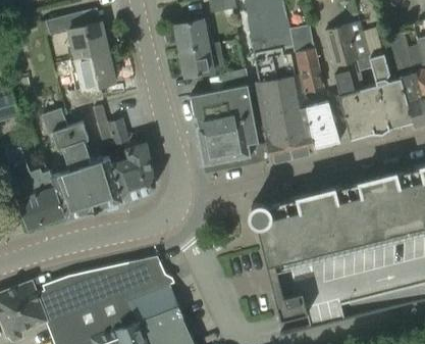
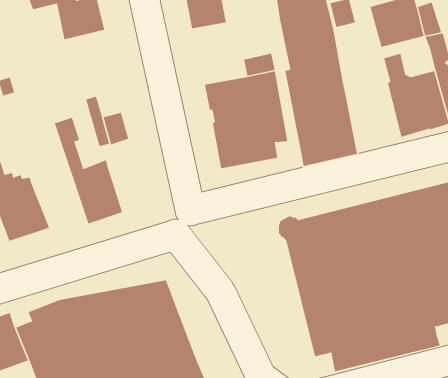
building: [179,42,224,77] -> none
building: [296,48,323,92] -> none
building: [68,51,116,105] -> none
building: [306,101,339,148] -> none
building: [42,111,95,218] -> none
building: [112,142,154,199] -> none

